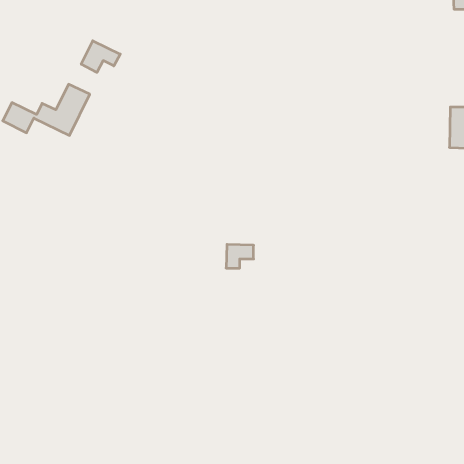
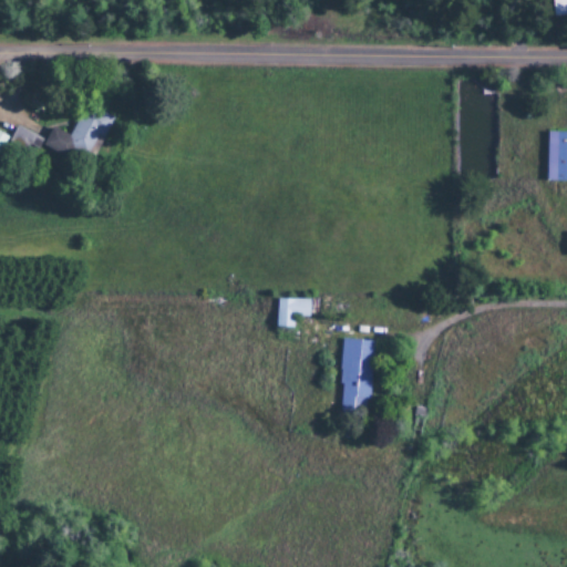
building: [81,41,120,72] -> none
building: none -> [340,336,374,410]

